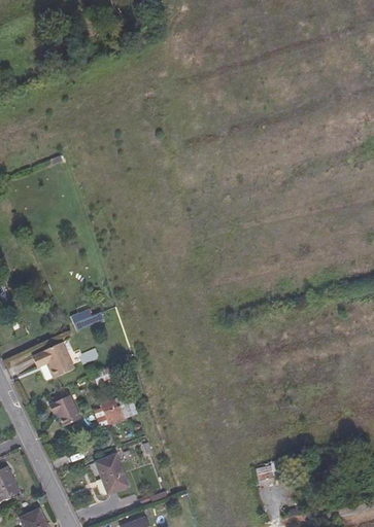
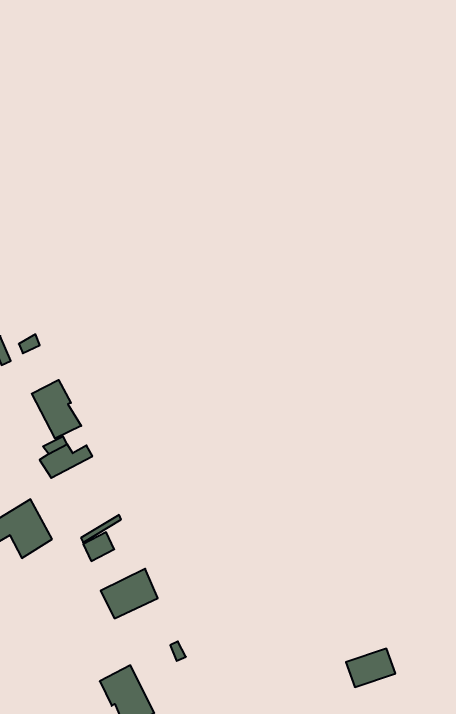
building: none -> [32,380,81,439]
building: [50,394,80,426] -> none

